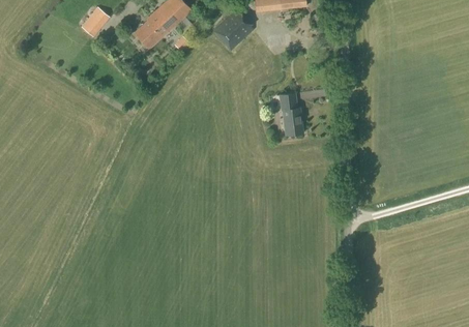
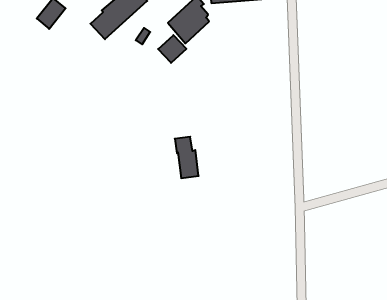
building: none -> [158,35,186,63]
building: [280,94,303,136] -> [175,137,199,178]

